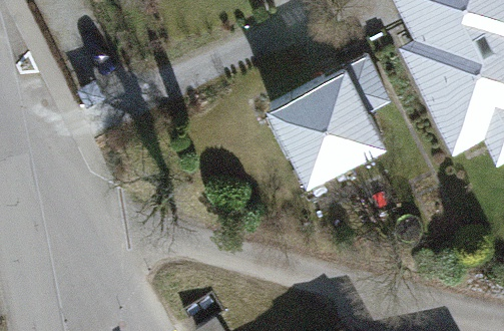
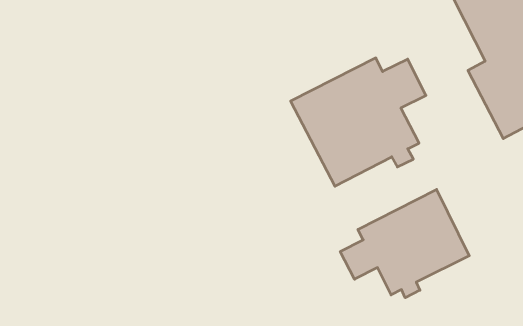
building: none -> [340,189,469,298]

